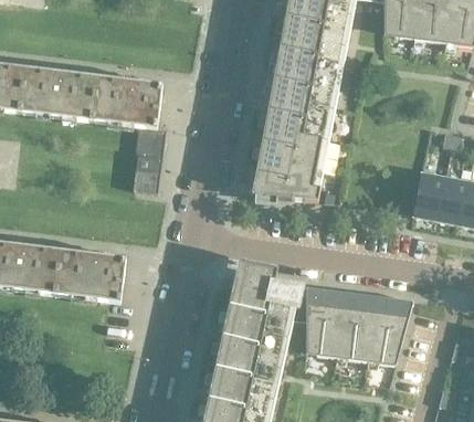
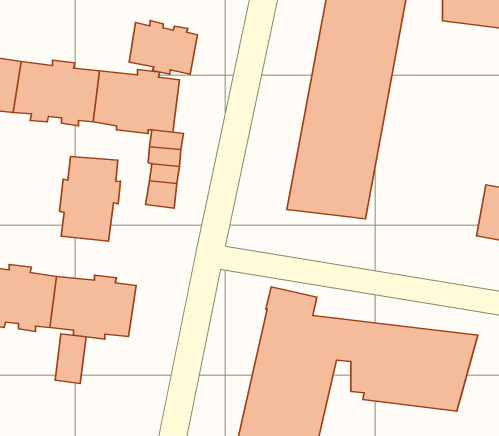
building: none -> [129,21,198,74]
building: none -> [60,156,121,241]
building: none -> [55,334,86,383]

